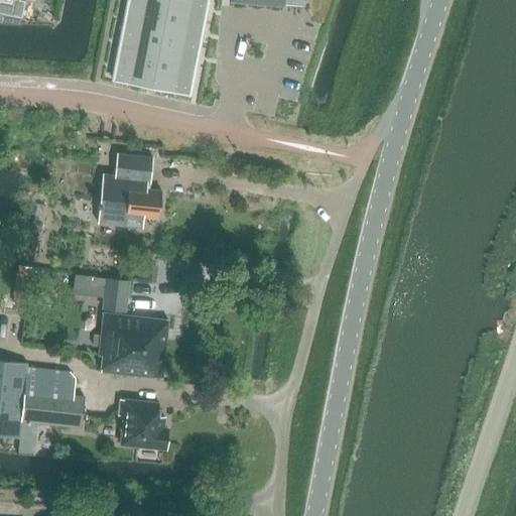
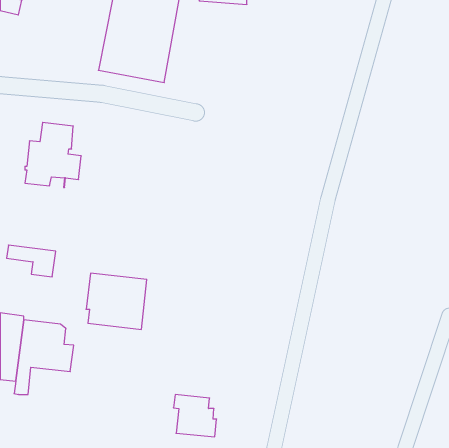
building: [97,152,161,227] -> [25,122,81,187]
building: [72,274,128,310] -> [7,245,56,277]
building: [118,399,167,447] -> [173,395,217,437]

